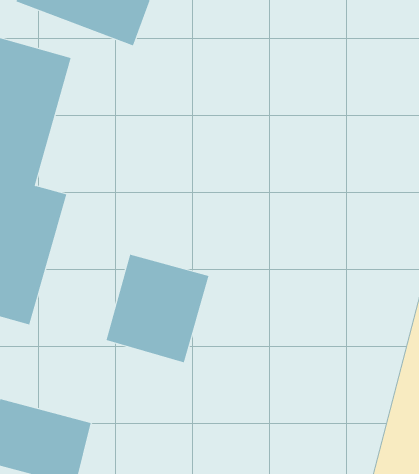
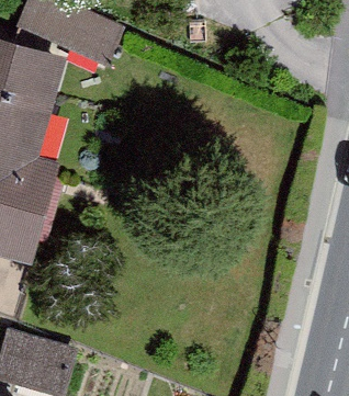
building: [106,254,209,363] -> none

